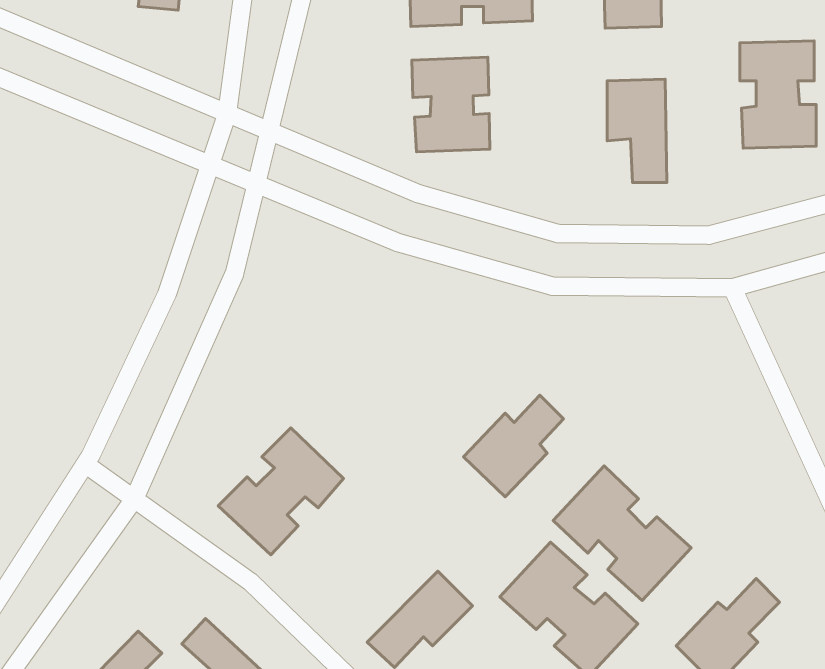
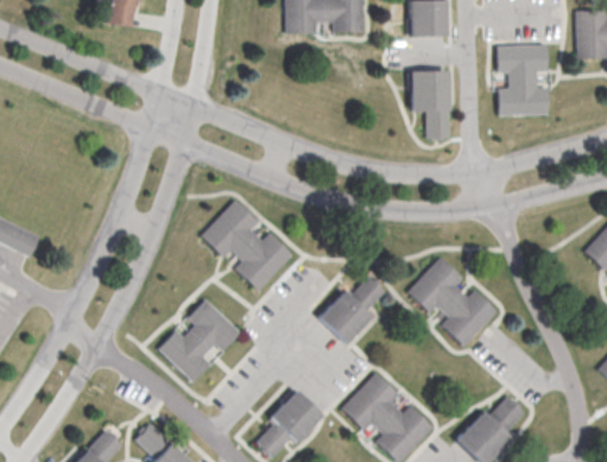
building: [412,57,490,152] -> none
building: none -> [201,200,291,287]
building: [553,466,691,600] -> [407,258,498,346]

